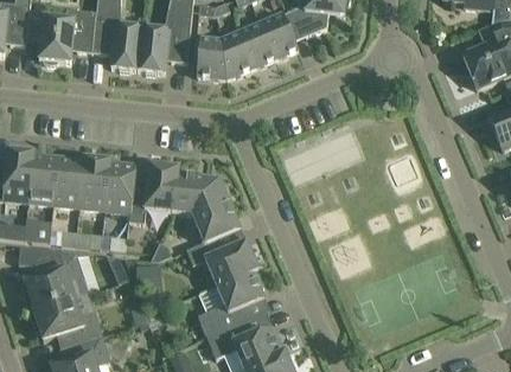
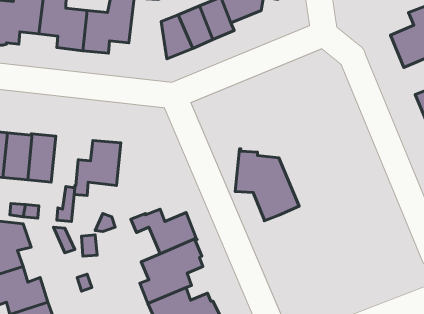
building: [196,38,226,78] -> none
building: [104,160,136,212] -> none
building: [173,167,241,243] -> [235,149,299,221]

